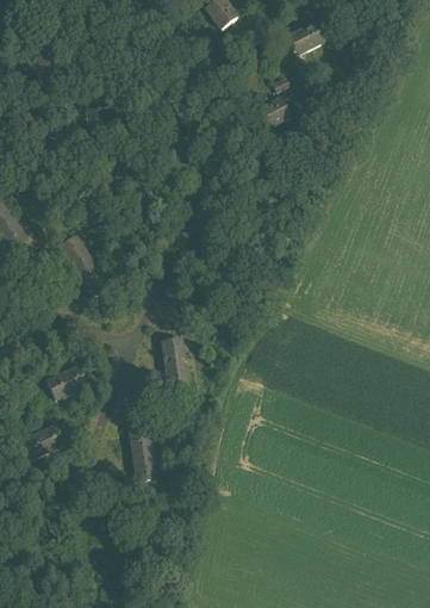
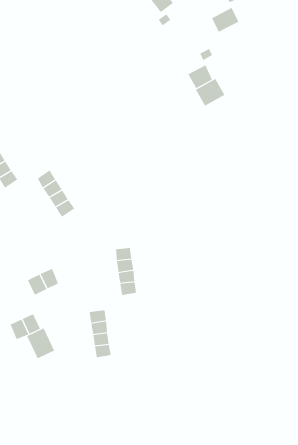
building: none -> [195,78,225,106]
building: none -> [27,327,55,359]

